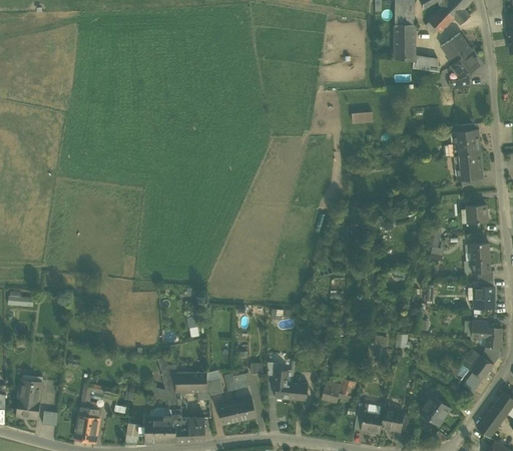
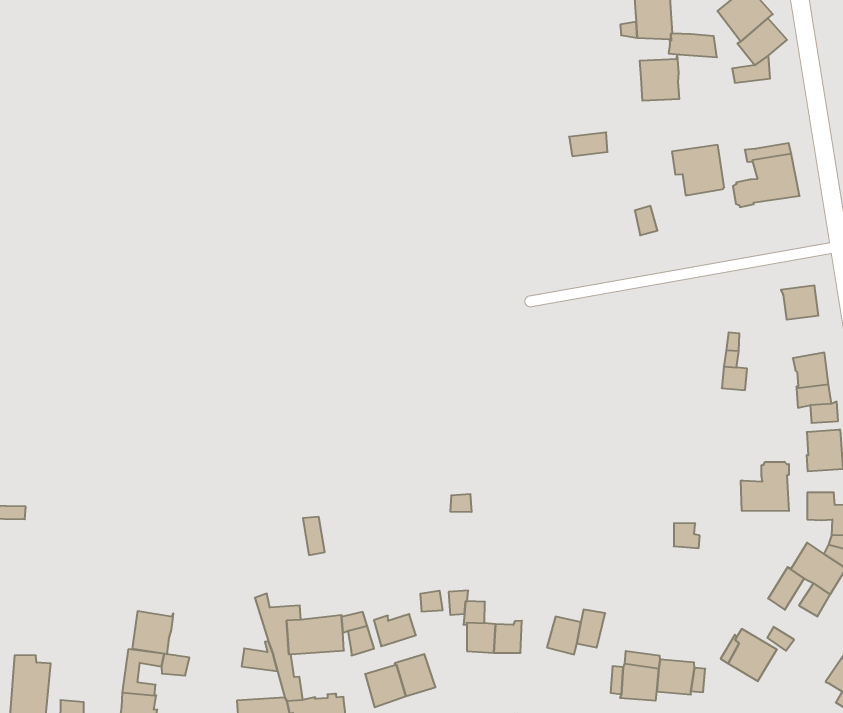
building: none -> [640,55,679,101]
building: [454,153,482,180] -> [672,145,724,195]
building: none -> [741,462,789,511]
building: none -> [132,611,173,654]

